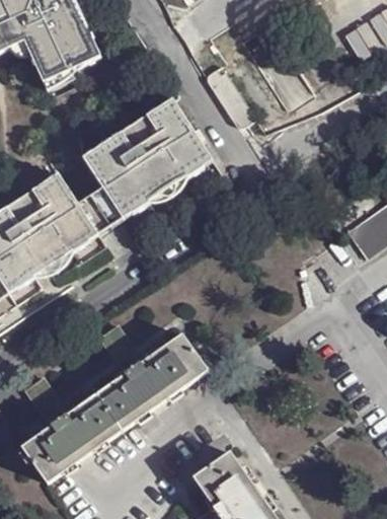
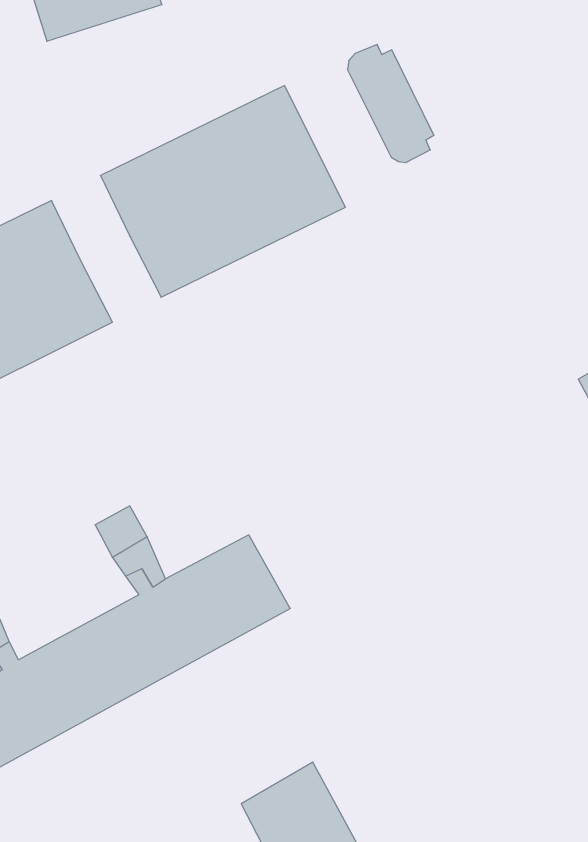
building: [77,186,122,232] -> none

